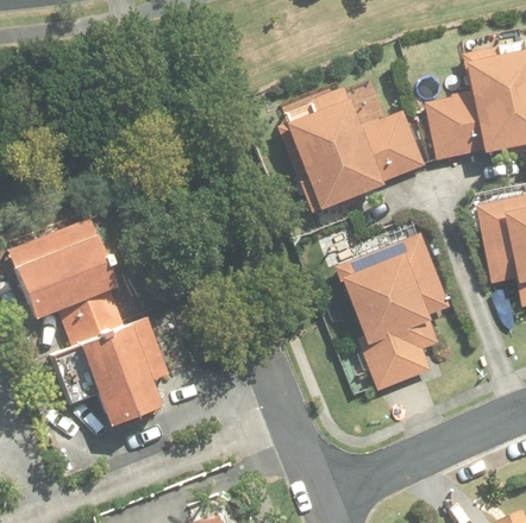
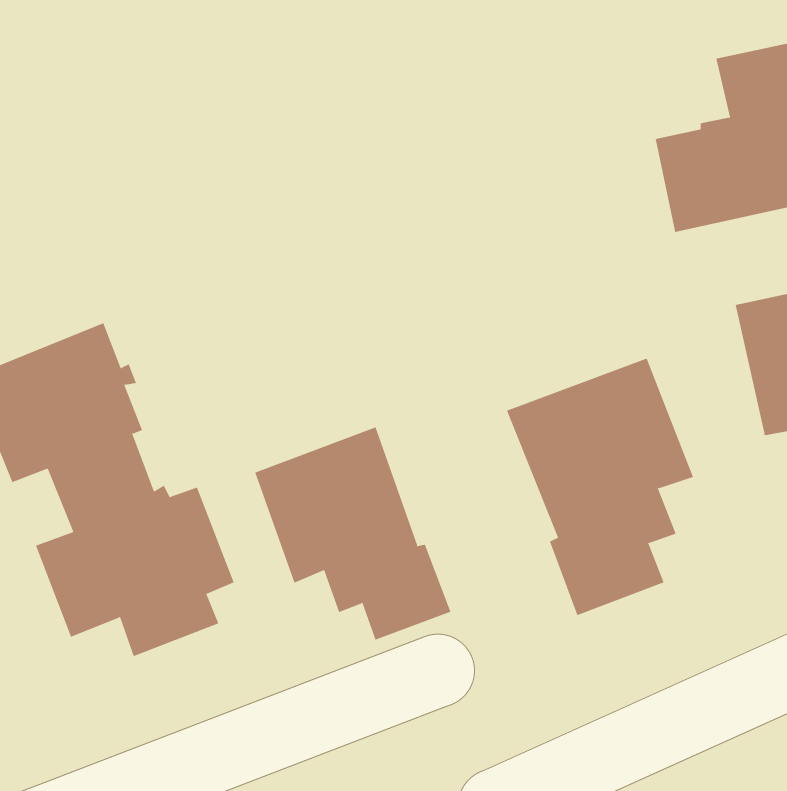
building: [277,90,426,213] -> none
building: none -> [254,427,451,640]

